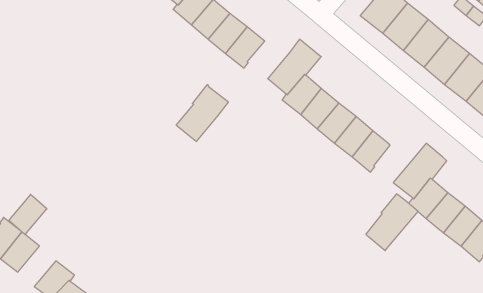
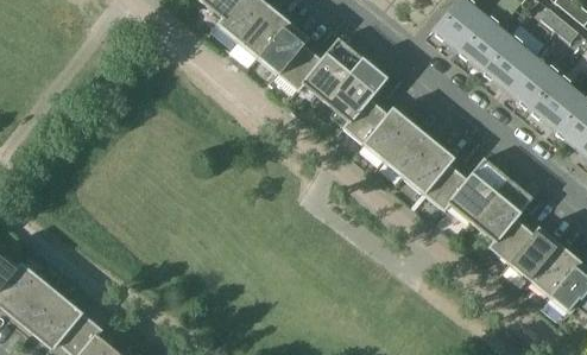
building: [176,85,228,141] -> [302,37,362,102]
building: [366,194,418,251] -> [448,157,509,222]
building: [9,194,47,235] -> [37,296,81,342]

